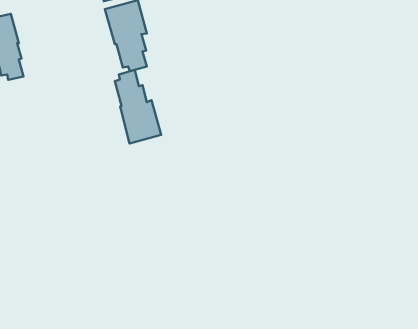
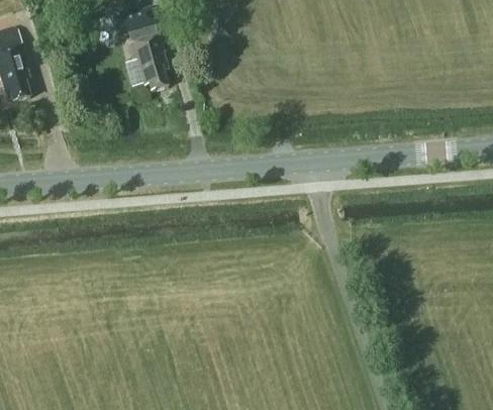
building: [115,70,161,143] -> none

